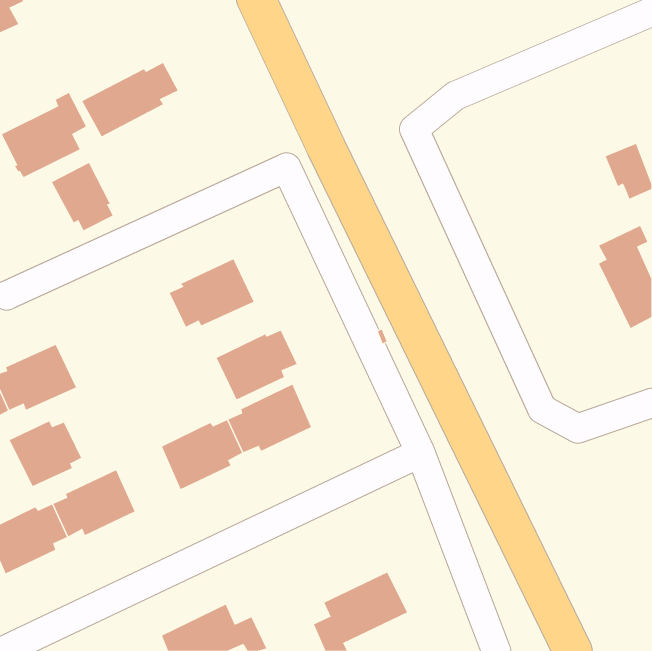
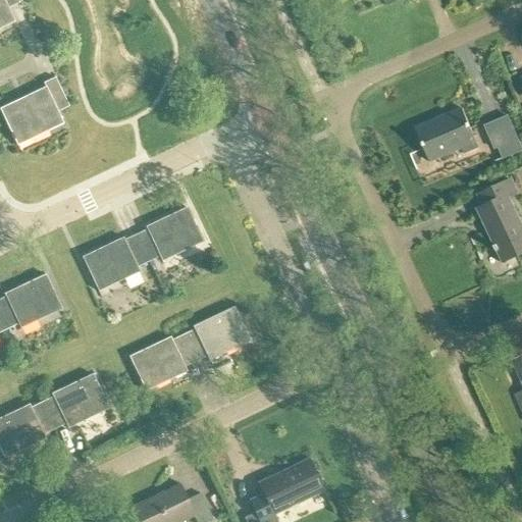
building: [81,62,179,137] -> none
building: none -> [416,109,479,162]
building: [51,162,114,231] -> none
building: [216,330,298,400] -> [83,233,148,290]
building: [9,421,82,487] -> none

